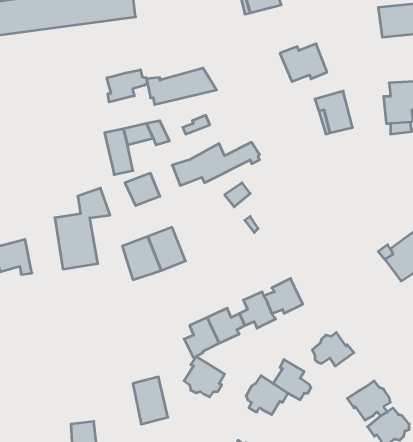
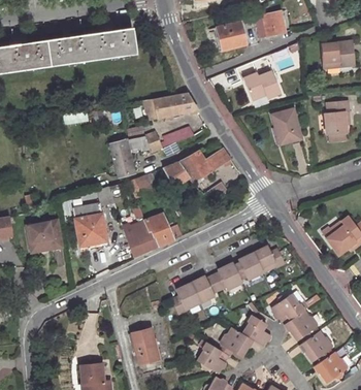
building: [107,70,147,102] -> none
building: none -> [254,247,285,272]
building: none -> [282,310,315,340]
building: [184,356,225,397] -> [196,342,227,372]

